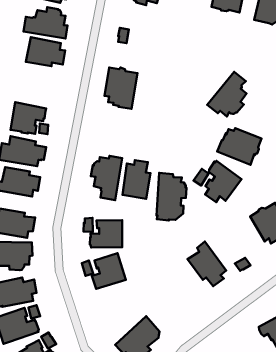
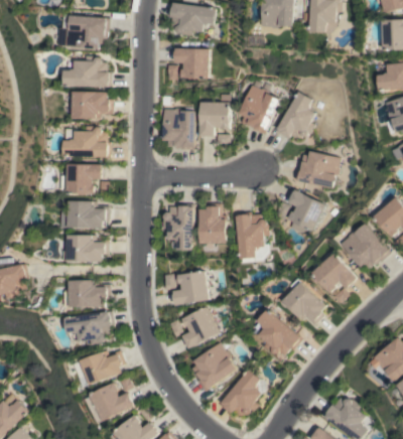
building: none -> [173,47,209,79]
building: none -> [238,85,278,134]
building: none -> [198,94,230,136]
building: none -> [63,125,110,156]
building: none -> [311,252,356,293]
building: none -> [256,308,301,354]
building: none -> [190,342,236,391]

